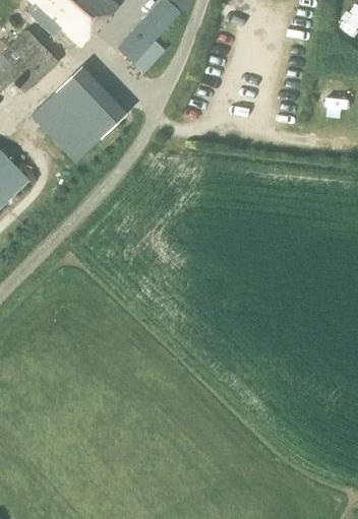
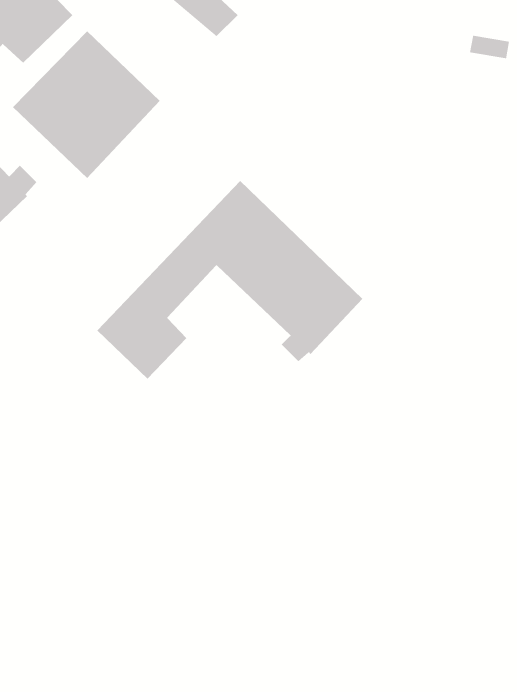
building: none -> [96,180,363,380]

